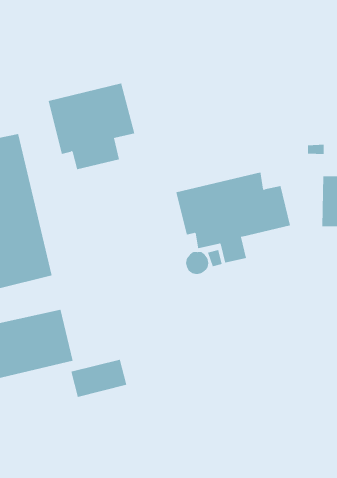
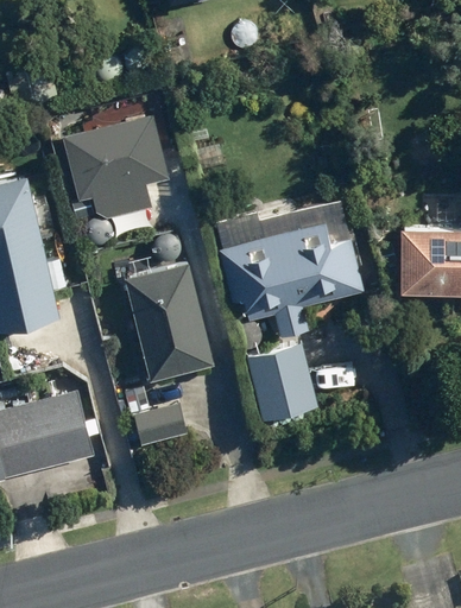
building: none -> [122,259,216,375]
building: none -> [247,343,318,419]
building: [70,359,127,397] -> [121,401,191,449]

